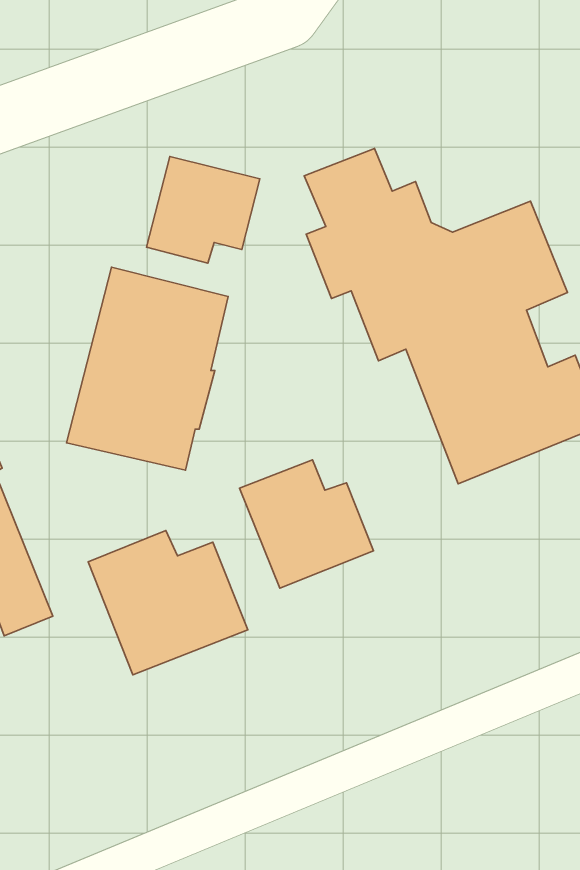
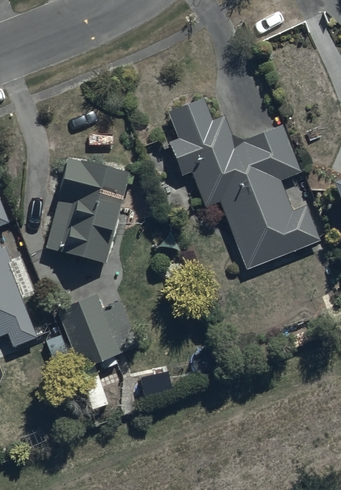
building: [146,156,260,263] -> none
building: [239,460,373,588] -> none

